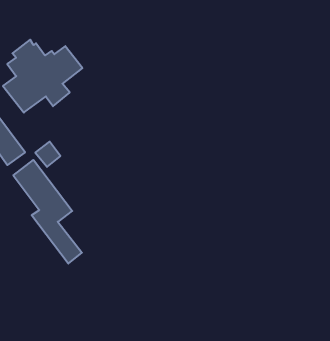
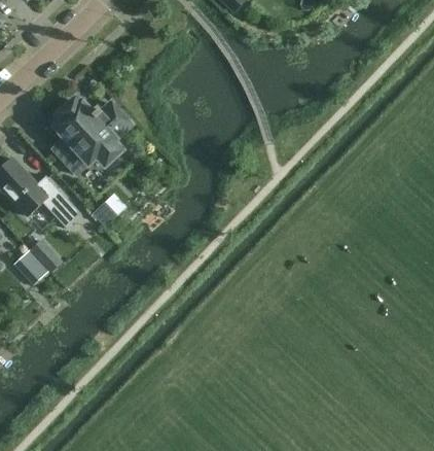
building: [13,160,82,264] -> none

